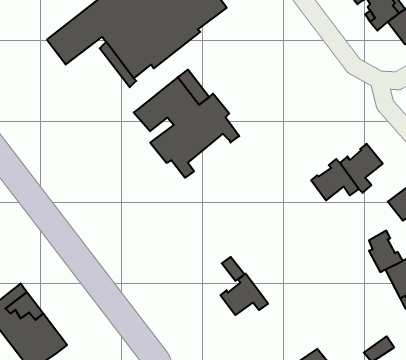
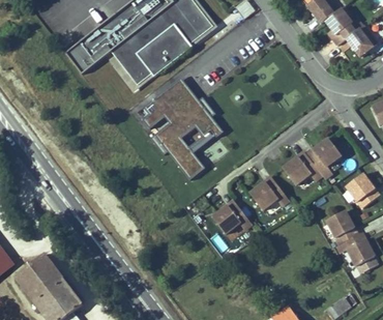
building: none -> [179,129,215,179]
building: none -> [249,175,289,209]
building: [220,274,268,315] -> [212,199,252,233]

